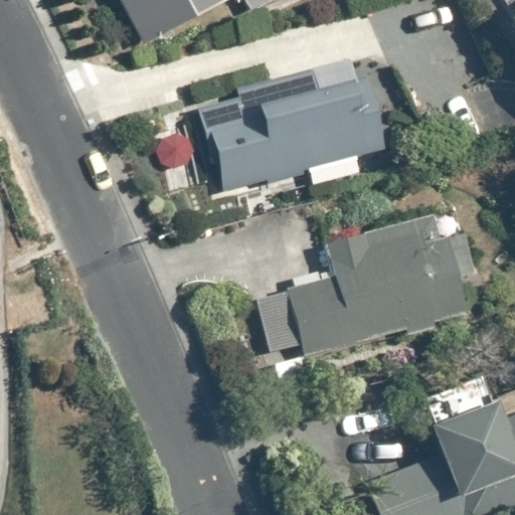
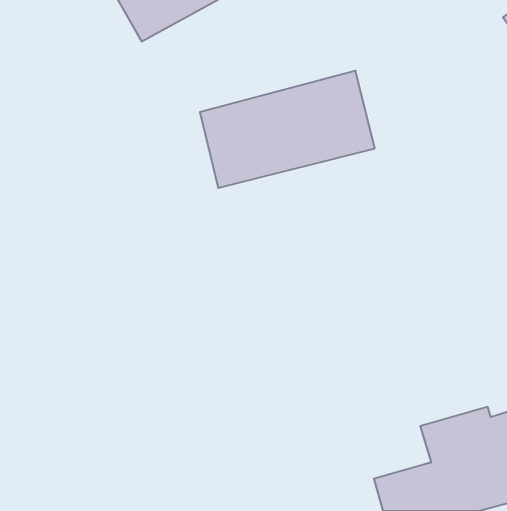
building: [296,213,466,349] -> none

